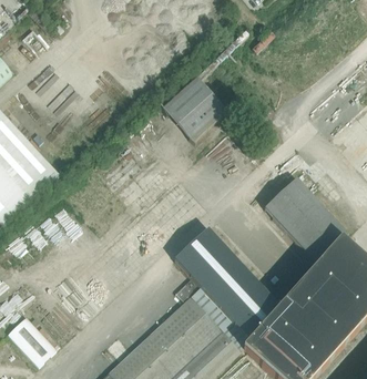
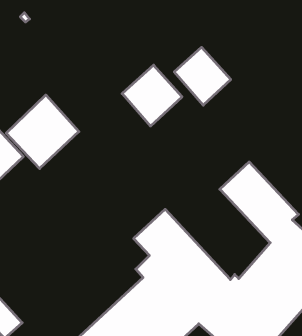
building: none -> [174,47,231,105]
building: none -> [6,95,79,169]

